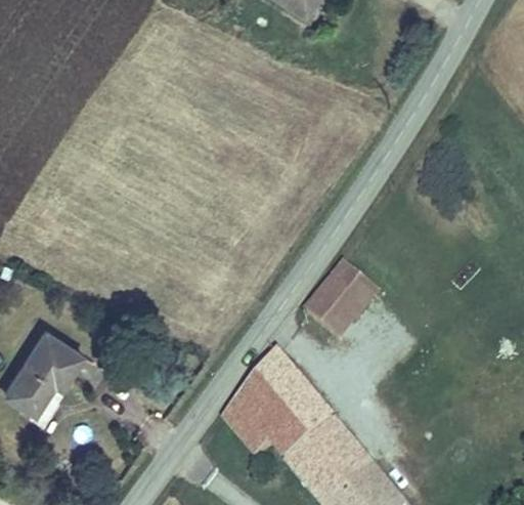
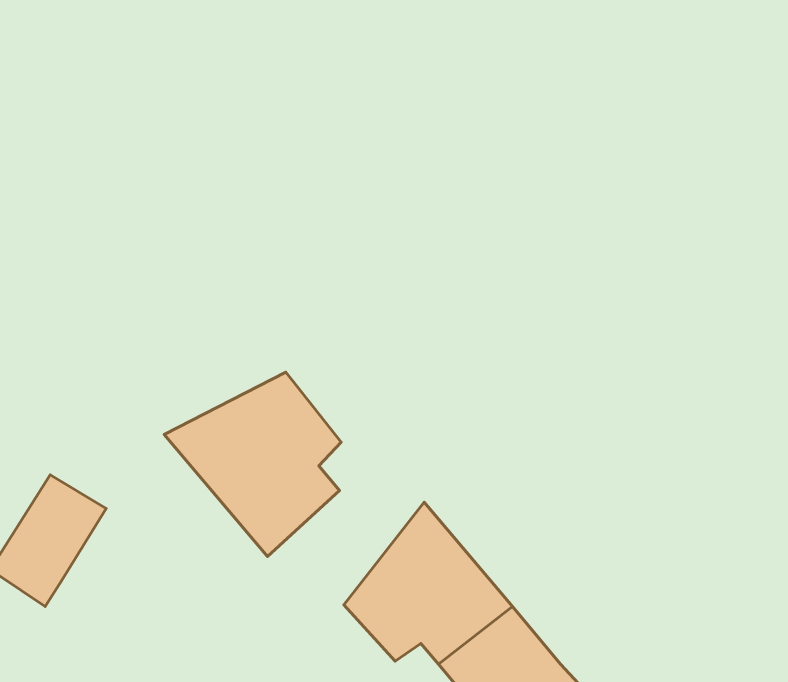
building: [312,264,381,337] -> none
building: none -> [164,372,341,557]

